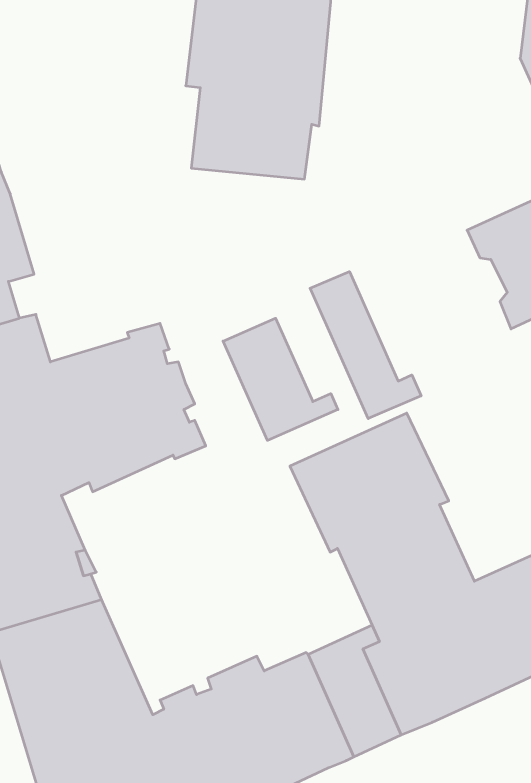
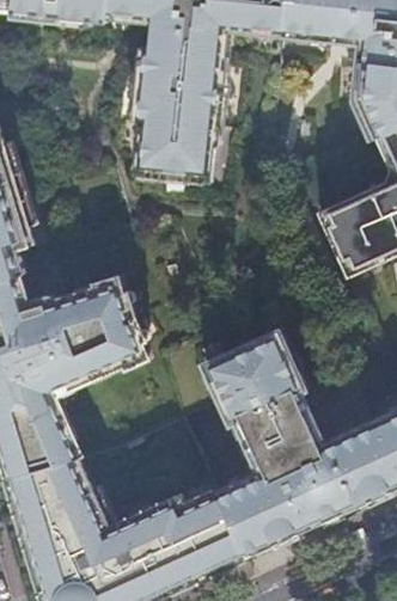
building: [310,272,421,419] -> none
building: [223,318,338,440] -> none

